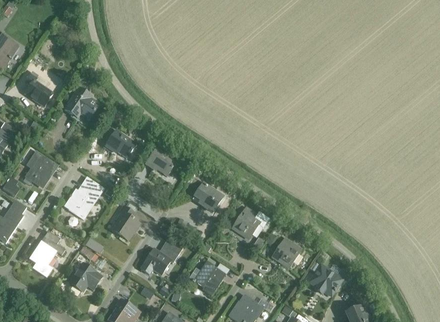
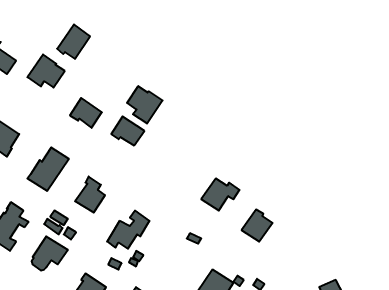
building: none -> [57,24,90,59]
building: none -> [127,86,163,124]
building: [193,182,224,212] -> none
building: [189,255,226,296] -> none
building: [309,264,340,297] -> none

